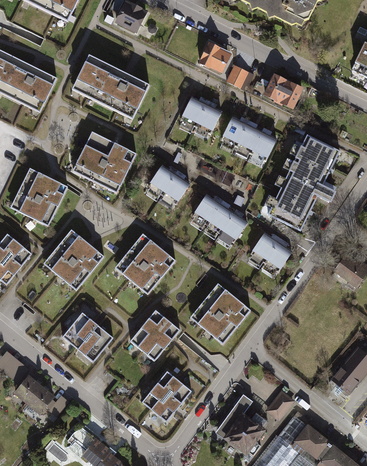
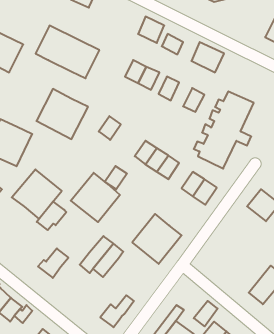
building: [237,123,263,152] -> none
building: [163,174,190,202] -> [105,166,127,189]
building: [62,312,98,347] -> [37,201,66,230]
building: [142,370,183,409] -> none

